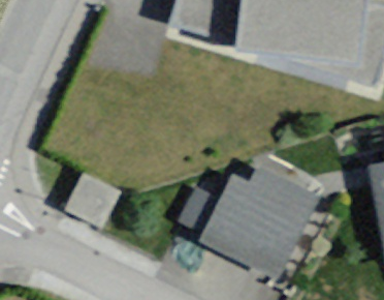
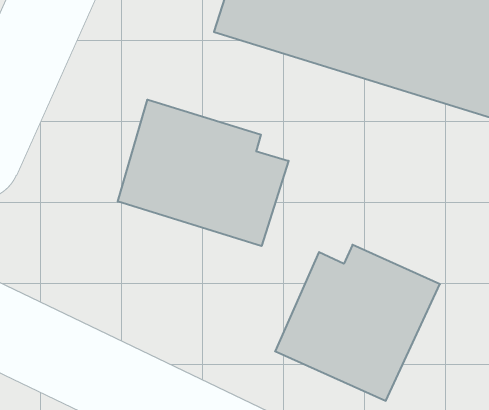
building: none -> [118,100,289,246]

